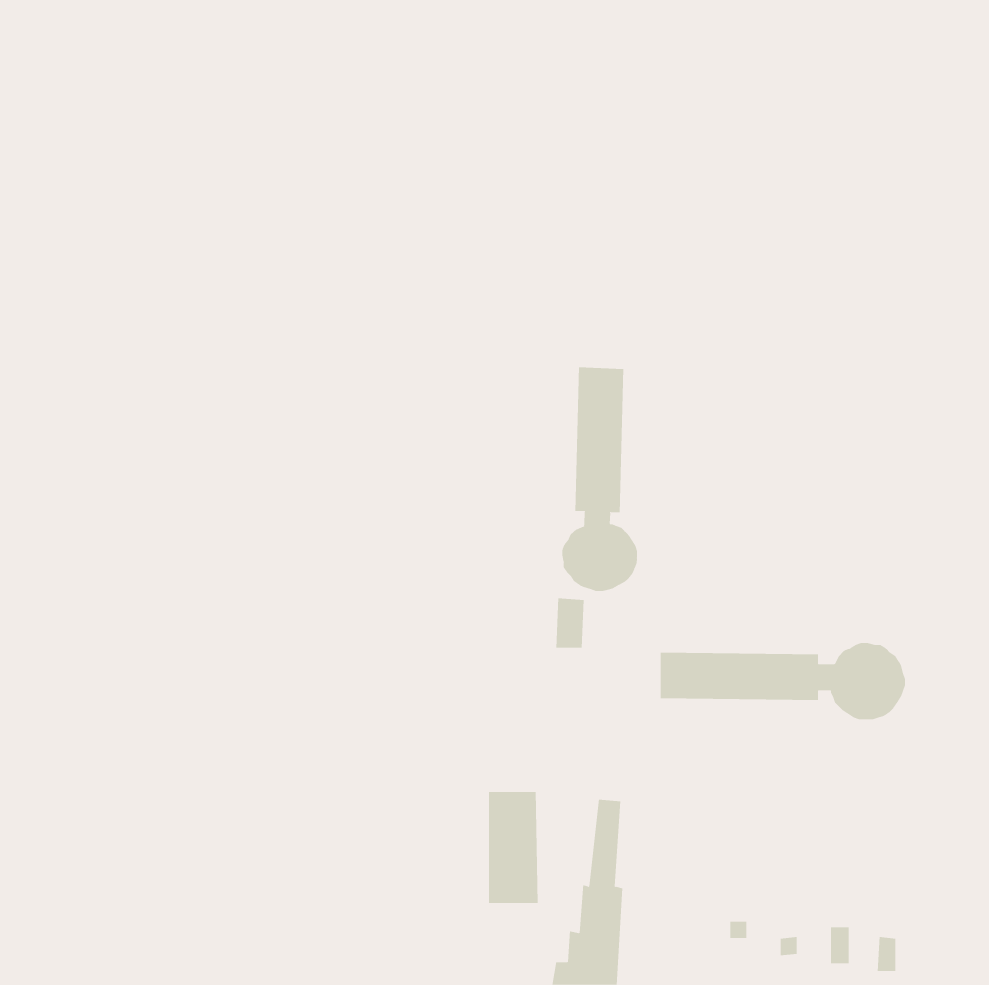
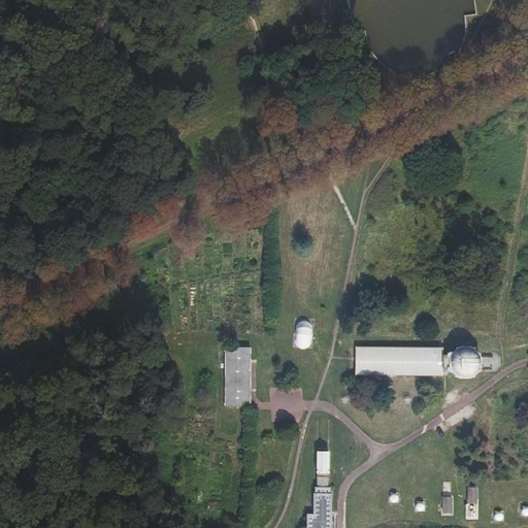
building: [562,367,638,592] -> none
building: [488,791,538,904] -> [225,349,252,408]

